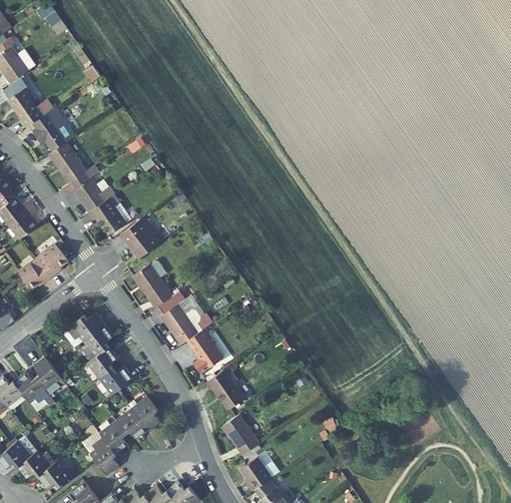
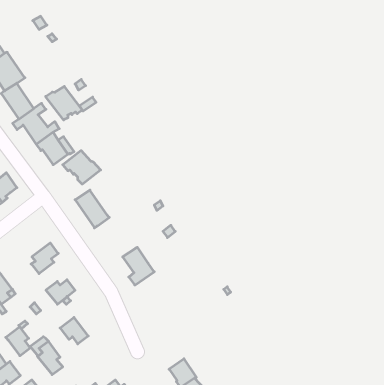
building: none -> [46,86,82,120]
building: [158,292,202,345] -> none
building: [62,313,105,348] -> none
building: [88,347,118,379] -> none
building: [205,370,244,410] -> none
building: [128,398,159,431] -> none
building: [222,415,260,455] -> none
building: [100,422,128,455] -> [6,327,30,356]

